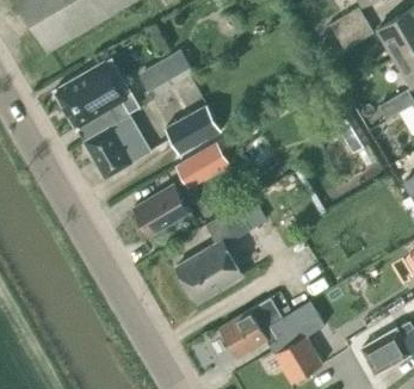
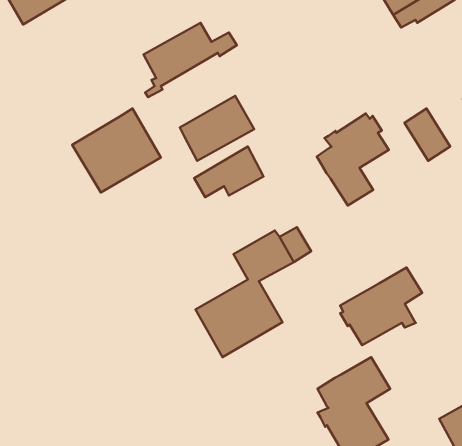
building: [55,62,130,140] -> none
building: none -> [317,113,389,206]
building: [134,184,190,235] -> none
building: [221,298,283,357] -> [340,267,422,345]

